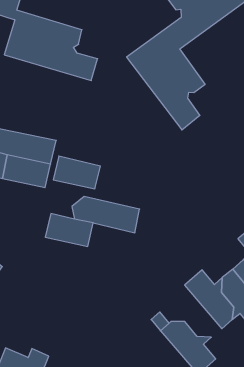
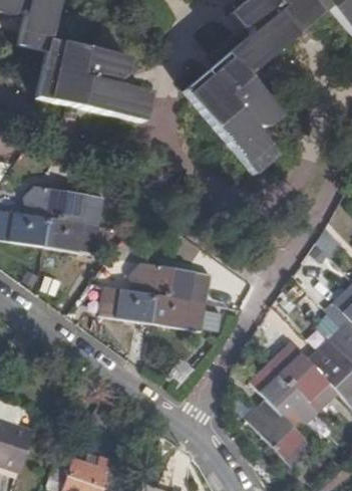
building: [53,156,100,189] -> [151,292,208,329]
building: none -> [251,361,320,423]

